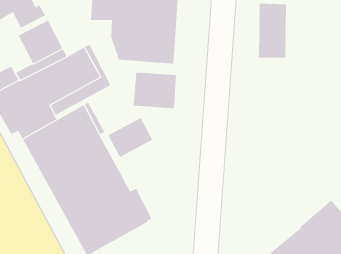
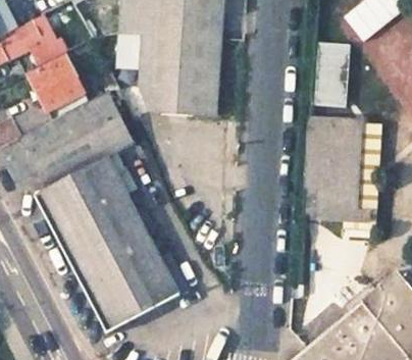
building: none -> [306,118,365,221]
building: [133,72,177,109] -> none
building: [108,117,153,158] -> none

